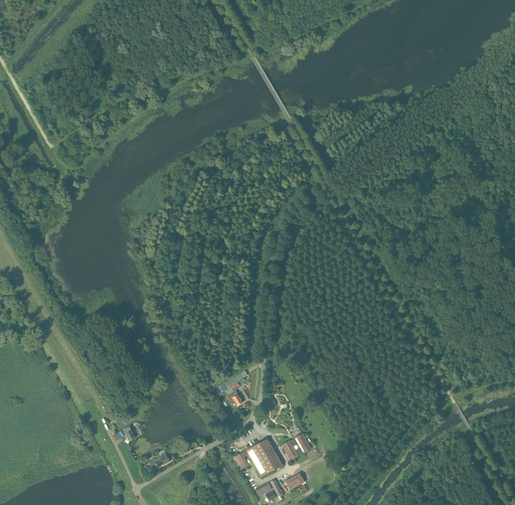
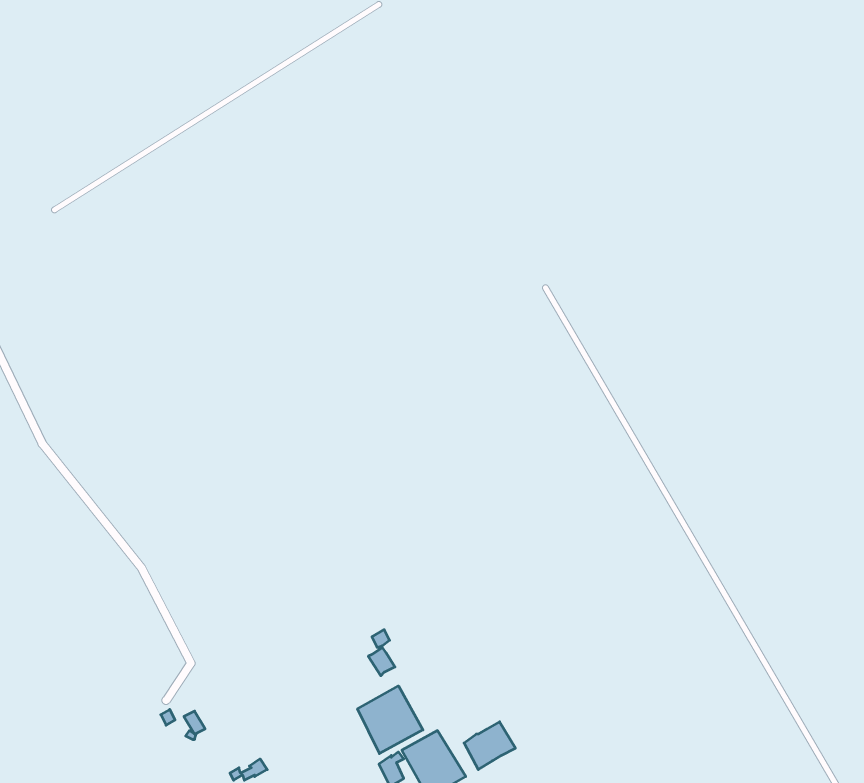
building: none -> [358,686,423,754]

